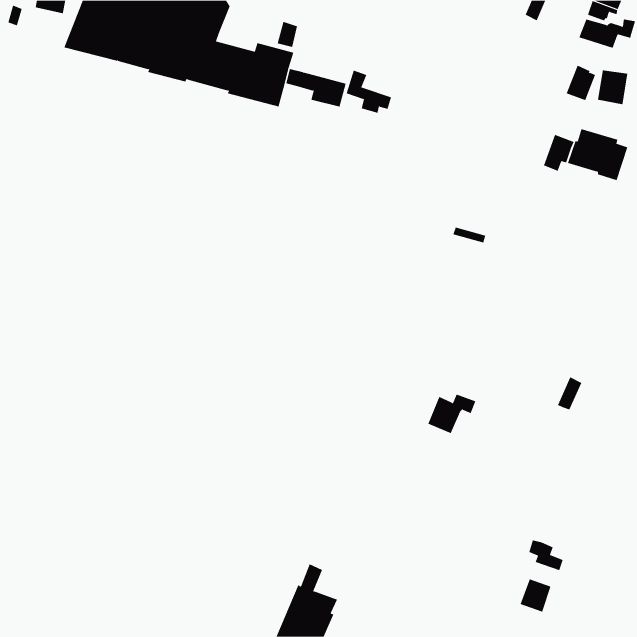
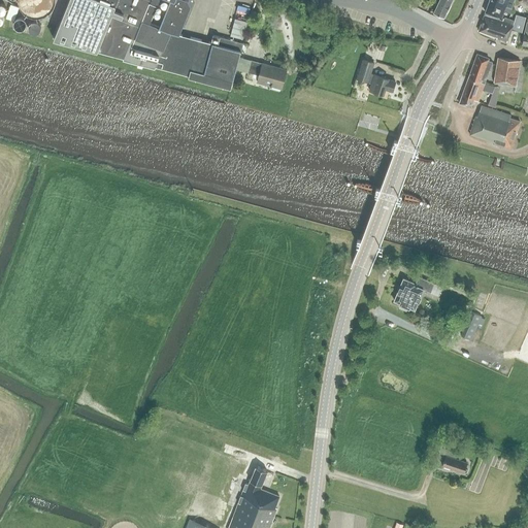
building: [346,70,392,113] -> [357,59,395,95]
building: [543,134,574,172] -> [459,77,485,108]
building: [427,394,476,434] -> [394,276,434,309]
building: [520,579,551,612] -> none

